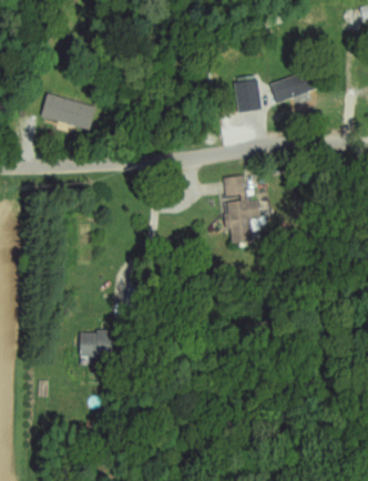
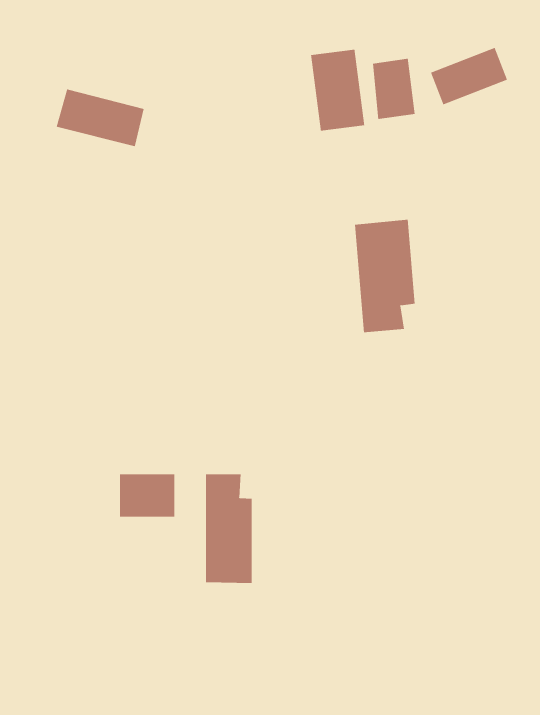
building: none -> [310,49,365,132]
building: none -> [205,474,252,584]

